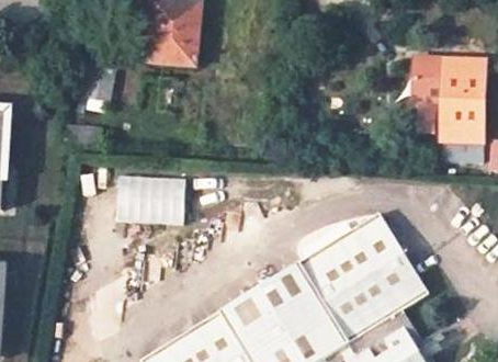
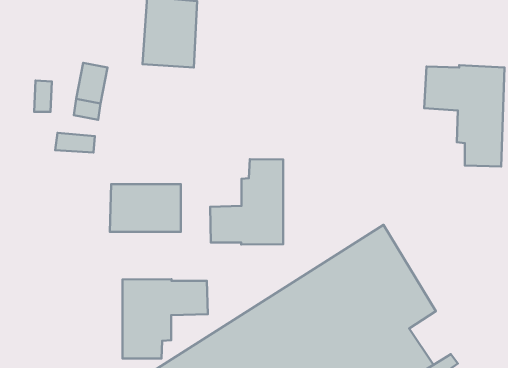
building: none -> [210,159,283,245]
building: none -> [122,279,208,359]

